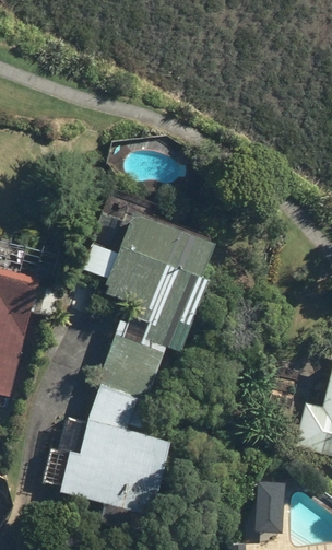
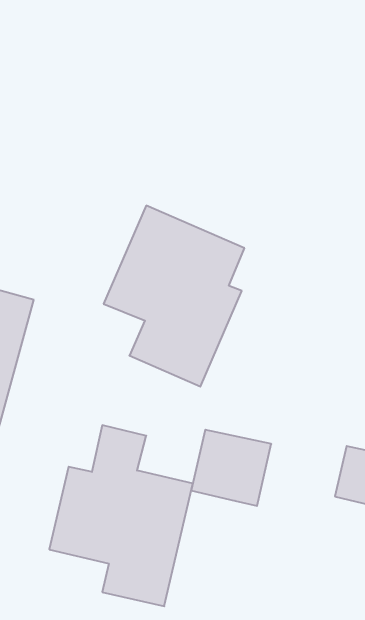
building: [98,332,166,397] -> [191,430,271,506]
building: [248,484,284,535] -> none

